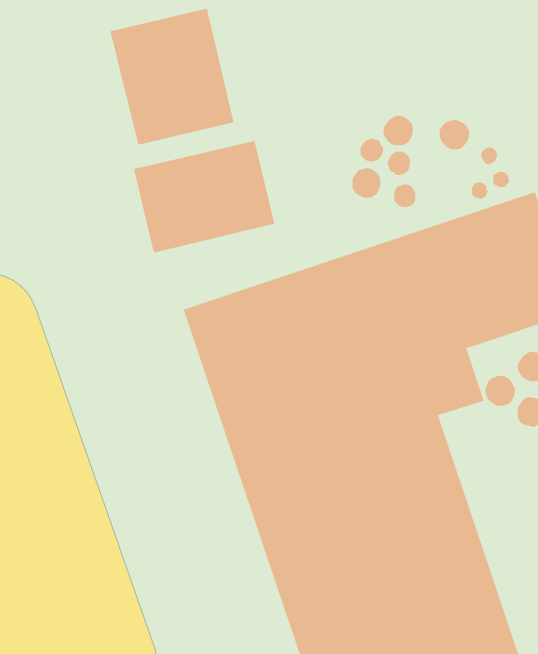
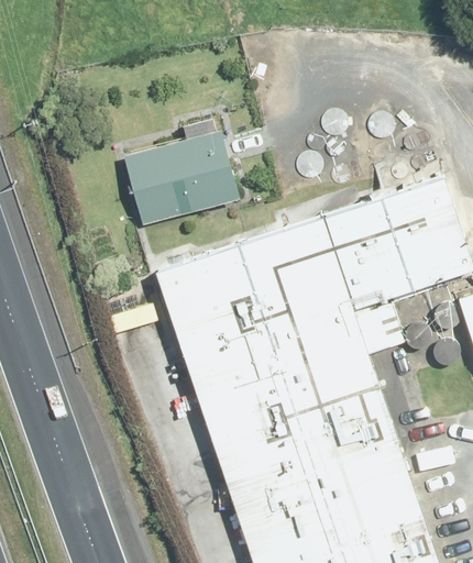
building: [110,8,234,145] -> none

